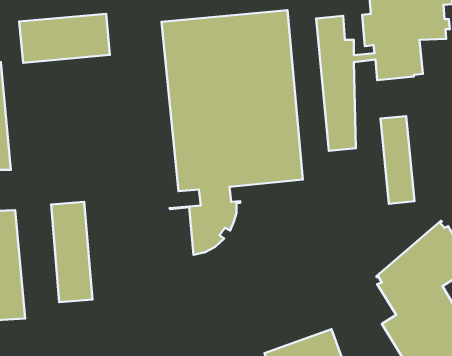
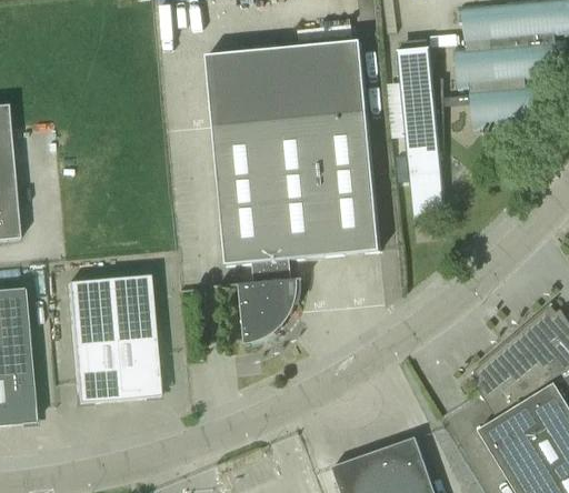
building: [19,14,110,63] -> none
building: [381,116,414,204] -> none
building: none -> [109,274,160,400]

